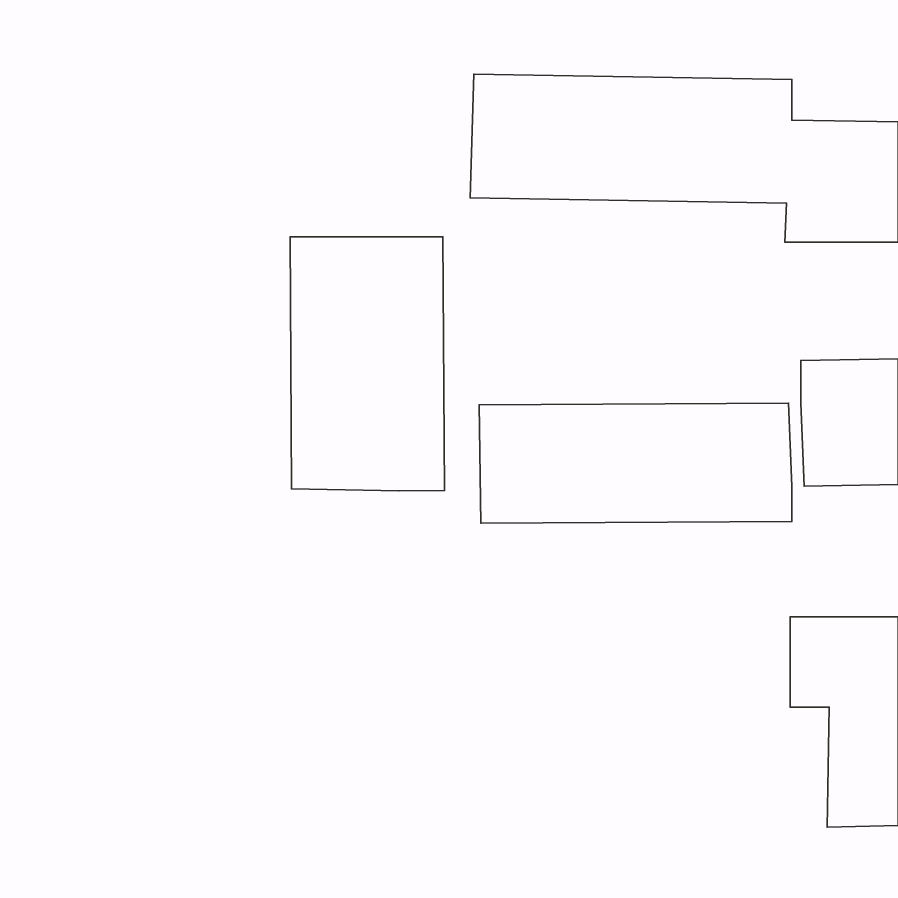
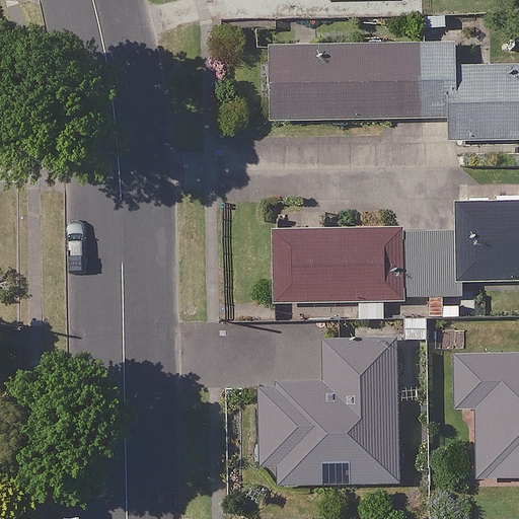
building: [290,237,444,491] -> none
building: none -> [256,341,398,484]

